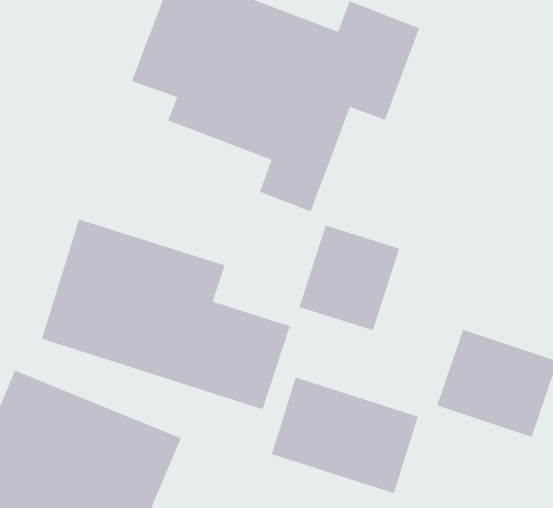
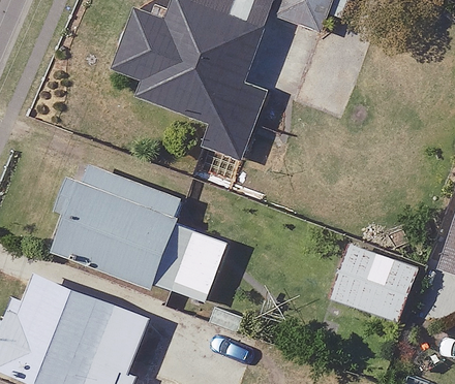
building: [299,224,400,331] -> none
building: [271,376,419,494] -> none

